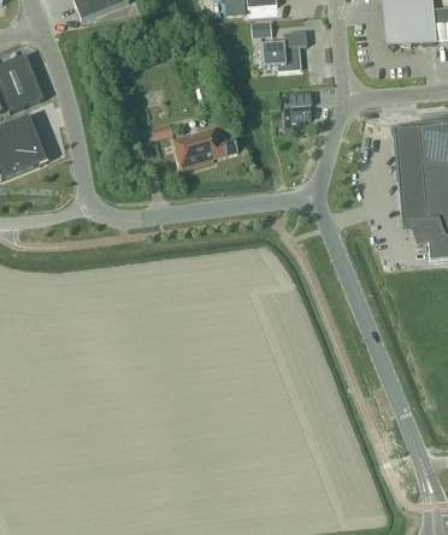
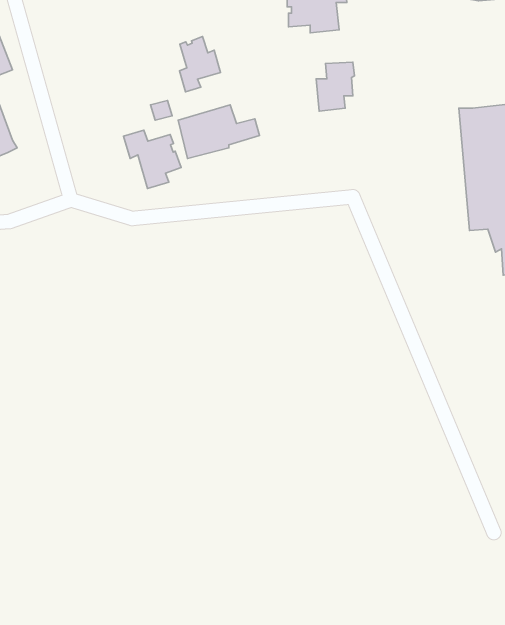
building: none -> [179,36,221,92]
building: none -> [123,130,181,188]

